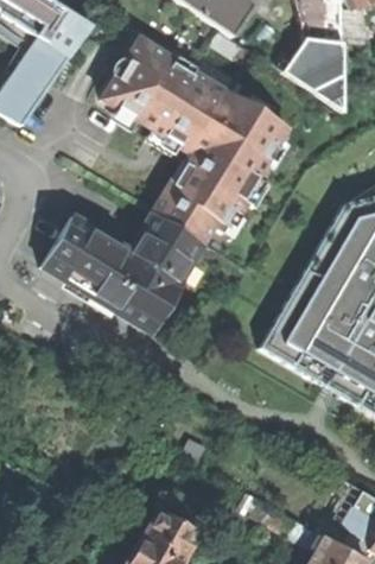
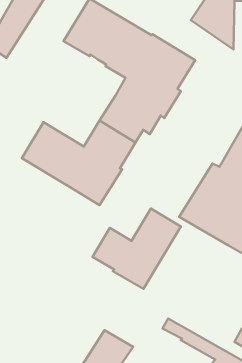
building: none -> [93,208,181,289]

